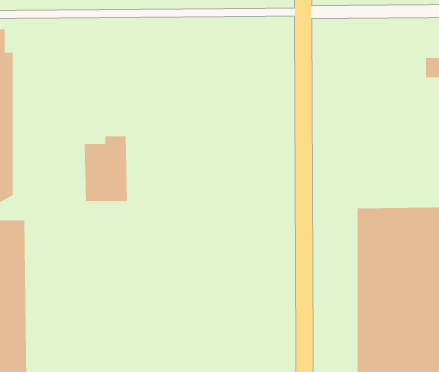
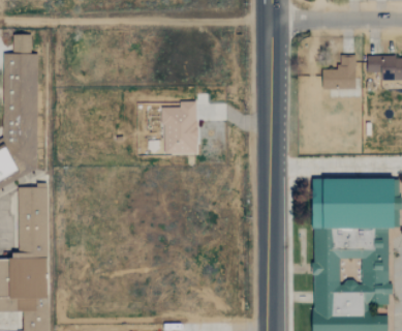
building: none -> [322,55,354,89]
building: [84,136,128,202] -> [162,101,197,154]

